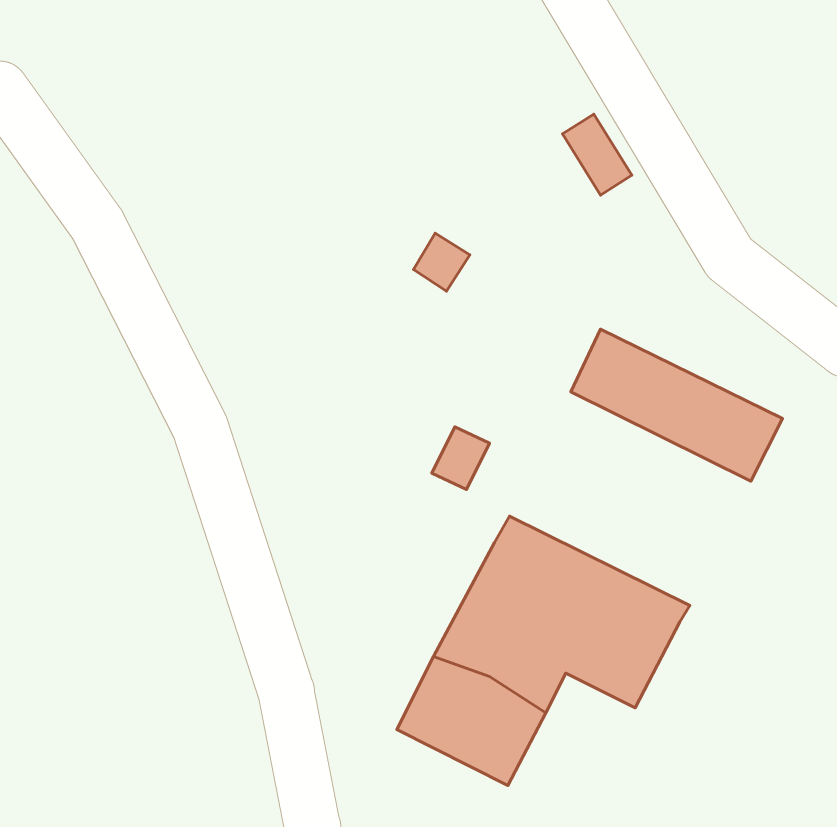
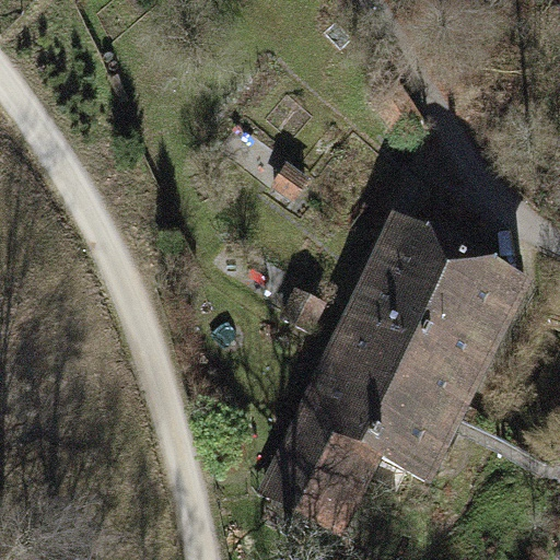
building: none -> [342,259,502,400]

